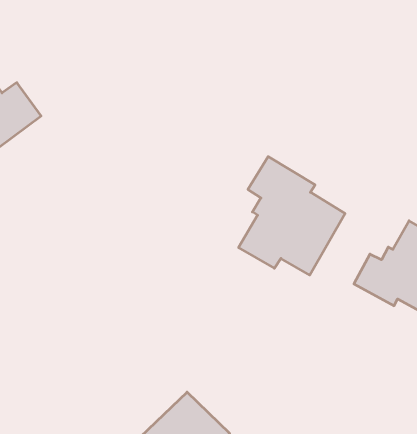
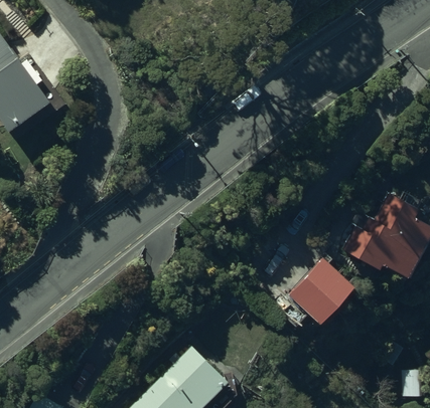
building: [239,157,345,275] -> none
building: none -> [290,258,352,322]

